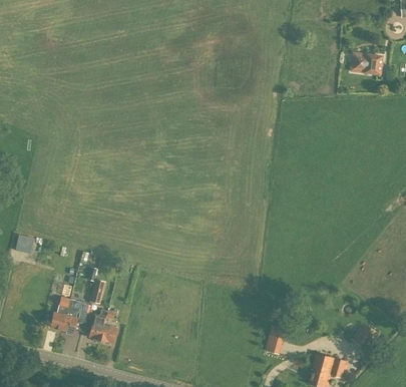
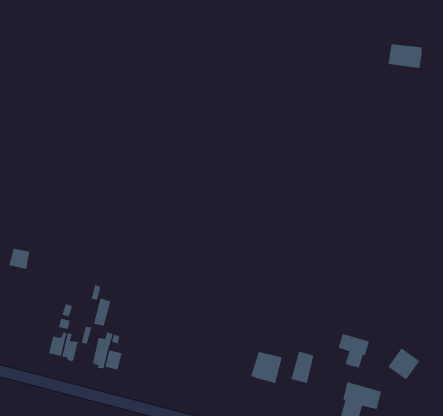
building: none -> [338,333,370,368]
building: none -> [251,351,282,384]

